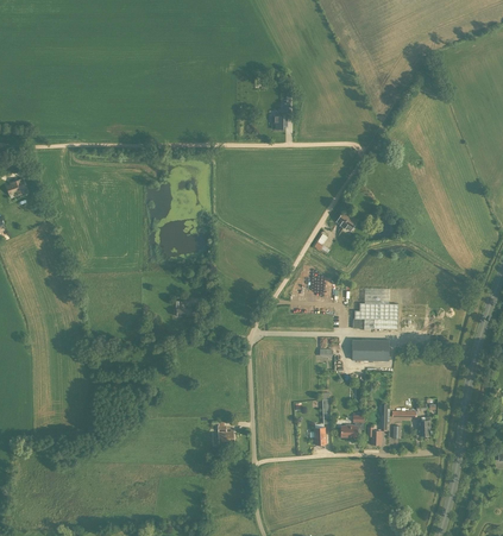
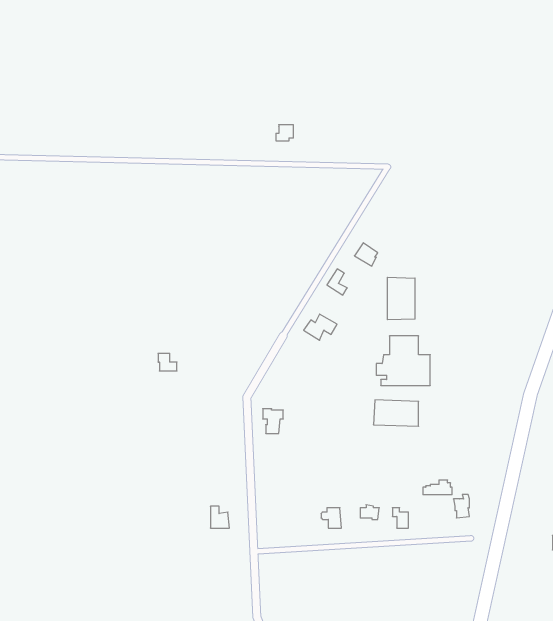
building: none -> [387,277,415,320]

